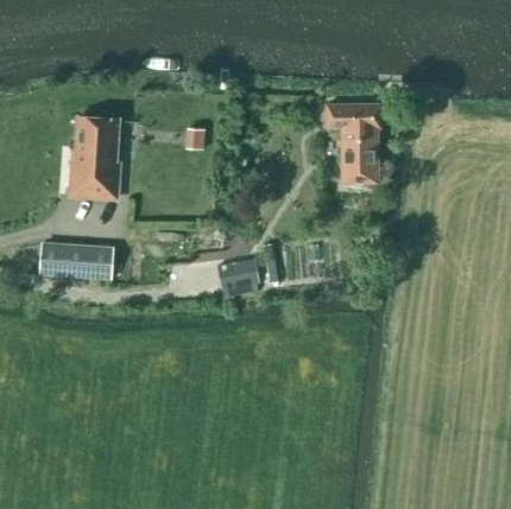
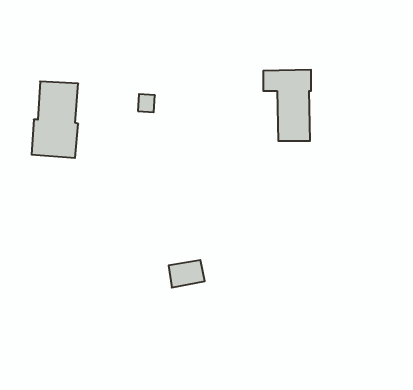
building: [39,242,114,280] -> none
building: [219,260,259,291] -> [169,260,205,288]

